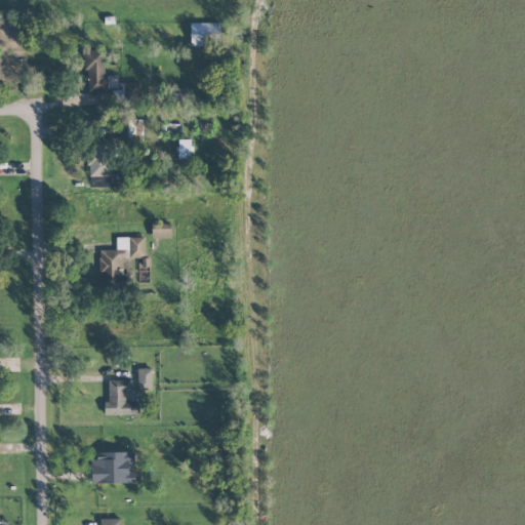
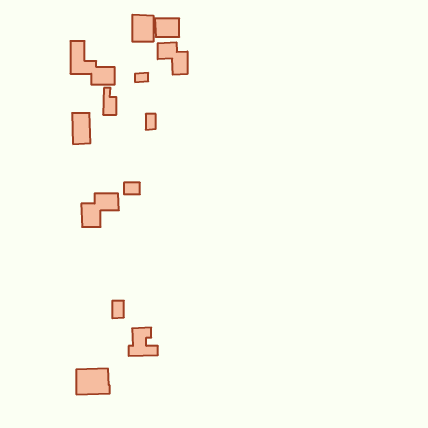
building: none -> [132,15,153,42]
building: none -> [158,42,187,75]
building: [104,379,139,414] -> [129,328,158,356]

